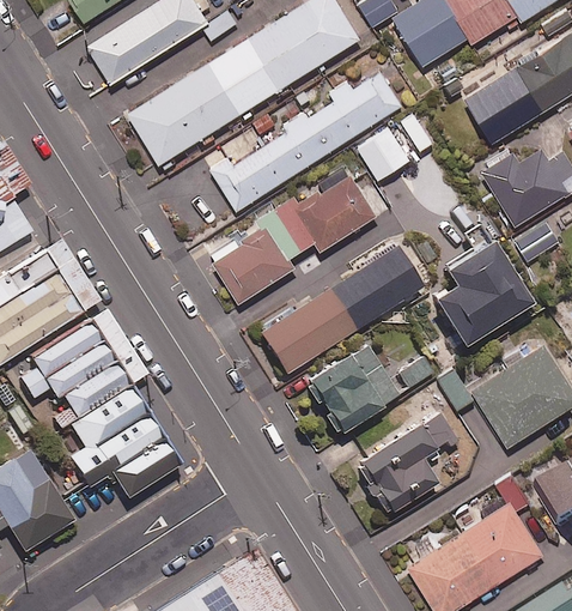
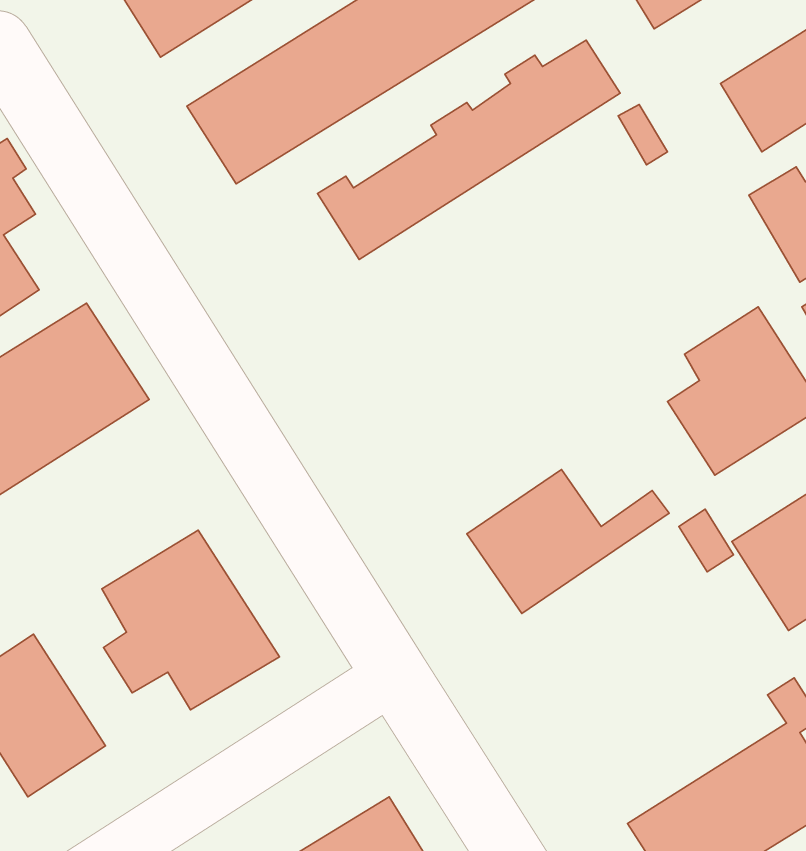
building: [358,129,408,180] -> none
building: [209,176,376,306] -> none
building: [255,246,421,377] -> none
building: [23,320,134,429] -> none
building: [357,416,455,516] -> none

